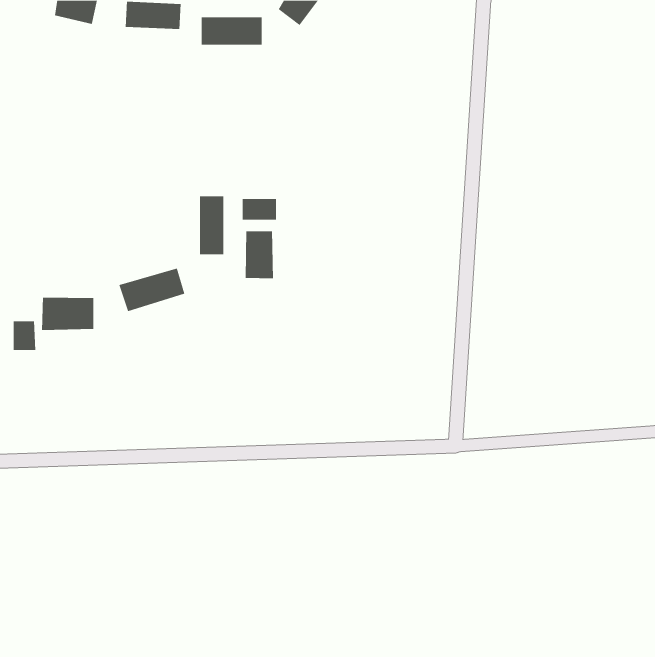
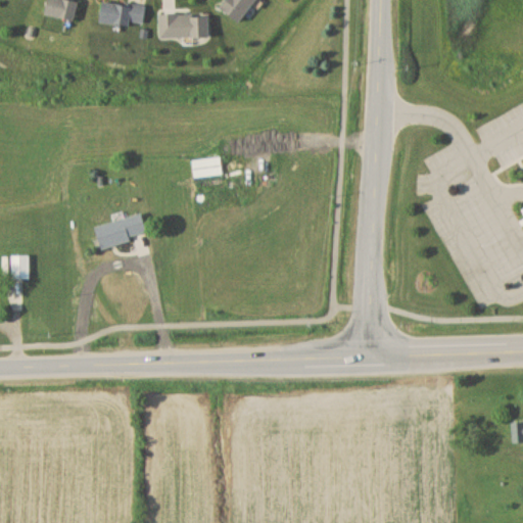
building: [200,196,224,255] -> none
building: [245,230,274,279] -> none
building: [42,297,94,331] -> none

